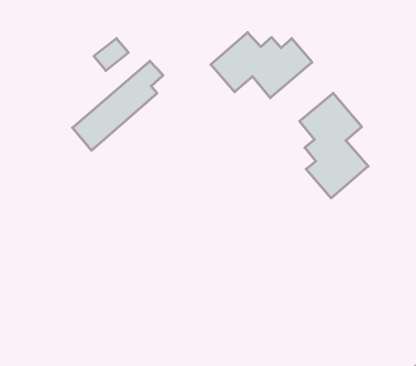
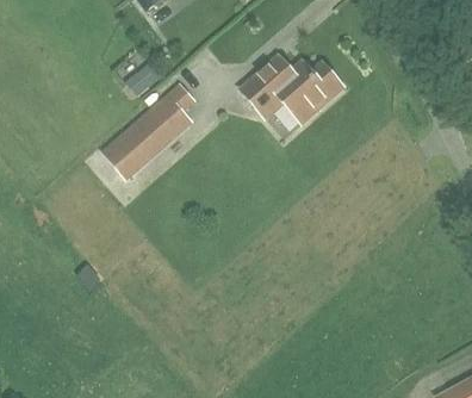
building: [300,93,368,198] -> none

